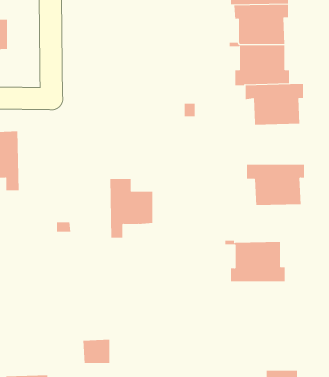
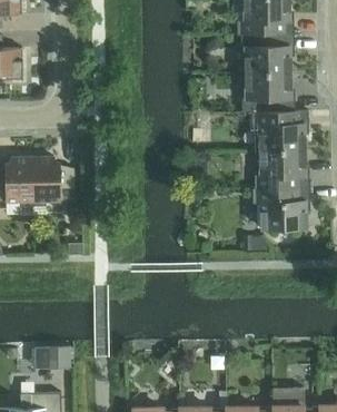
building: [109,178,153,238] -> [32,156,75,214]
building: [224,240,285,282] -> [250,148,309,188]
building: [83,339,110,364] -> [43,345,70,369]

